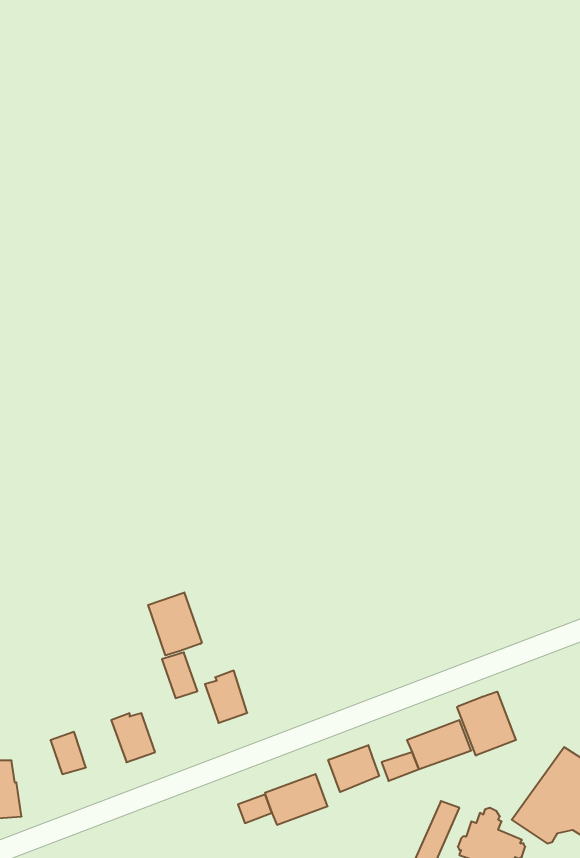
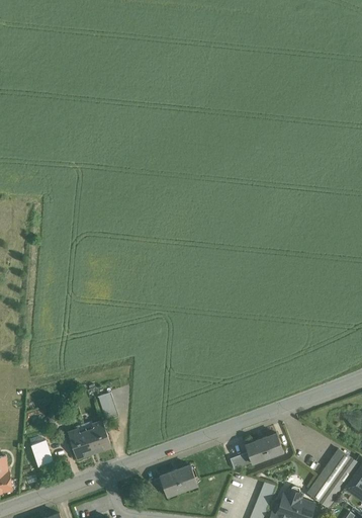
building: [148,592,202,655] -> none
building: [205,671,247,723] -> [86,421,111,452]
building: [457,692,516,756] -> none
building: [328,745,379,792] -> none

